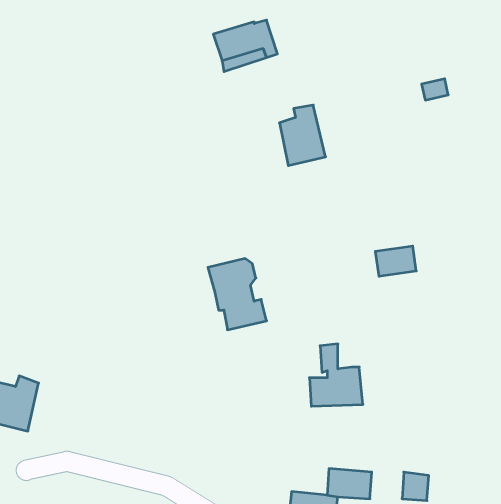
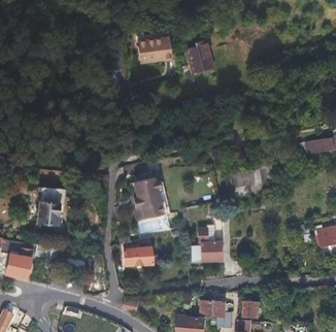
building: [279,105,326,166] -> [186,35,212,70]
building: none -> [40,187,67,225]
building: none -> [125,244,153,265]

